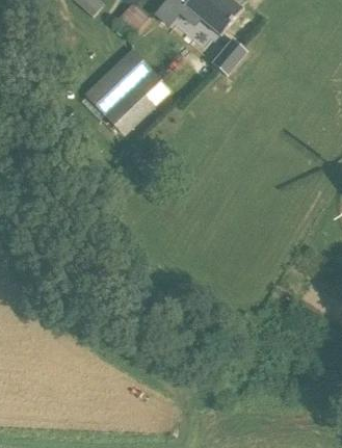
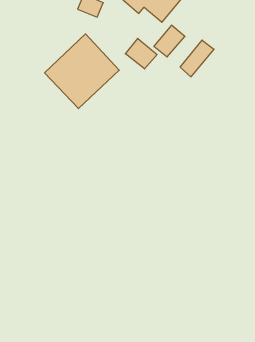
building: none -> [125,38,157,69]
building: none -> [180,40,214,77]

